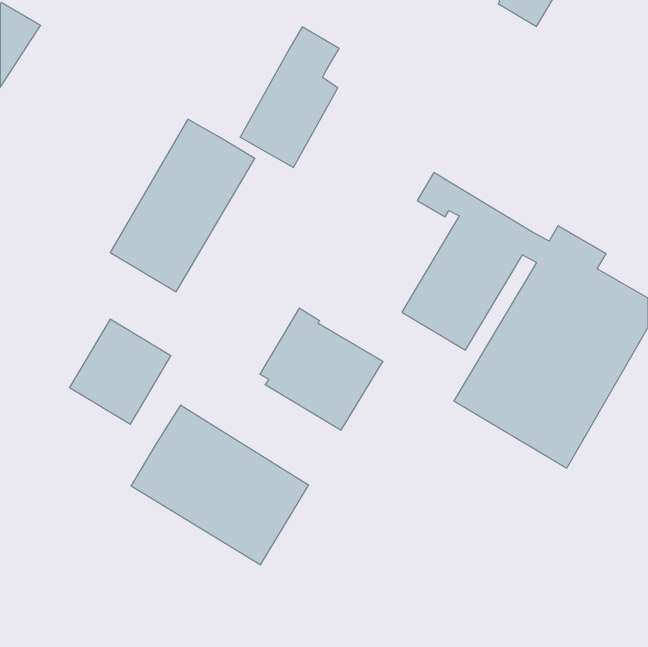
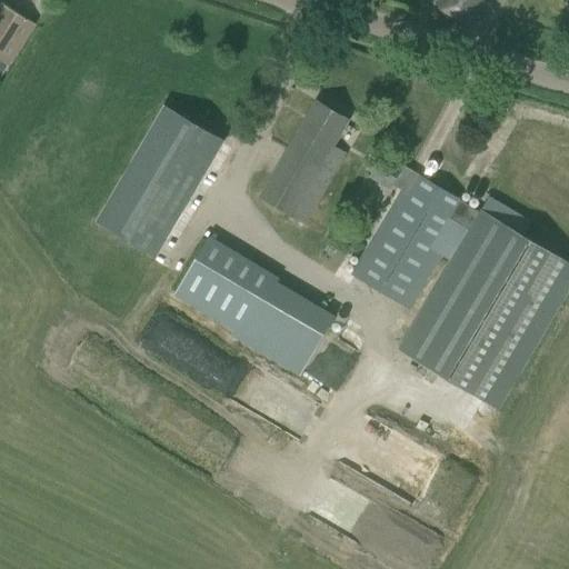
building: [240,27,339,168] -> [261,100,348,223]
building: [69,319,171,424] -> [174,236,263,328]
building: [131,405,309,565] -> none

